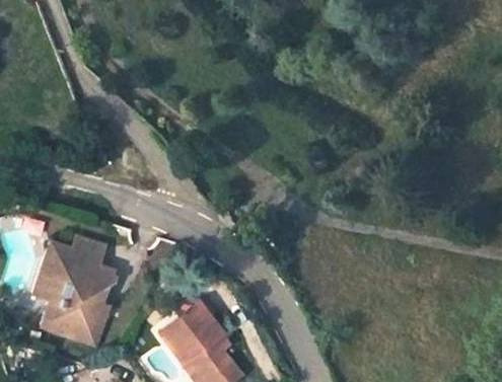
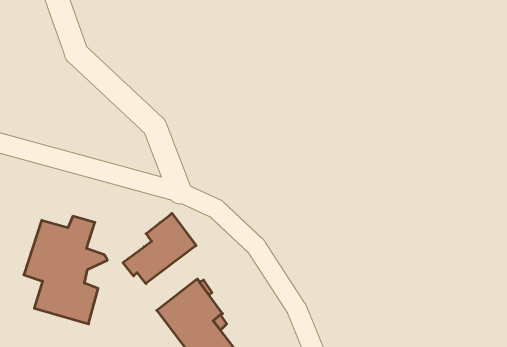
building: none -> [123,213,196,284]

